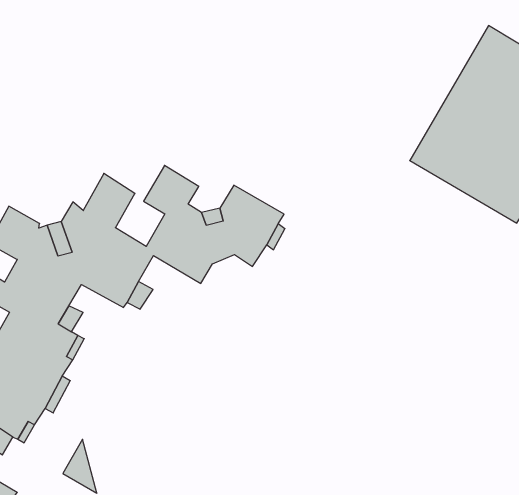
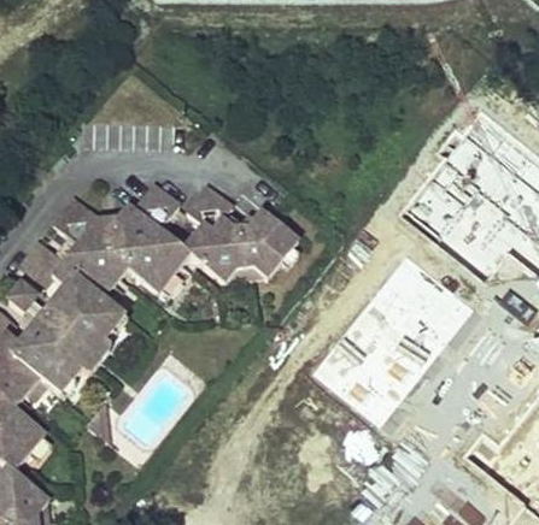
building: none -> [318,254,476,421]

